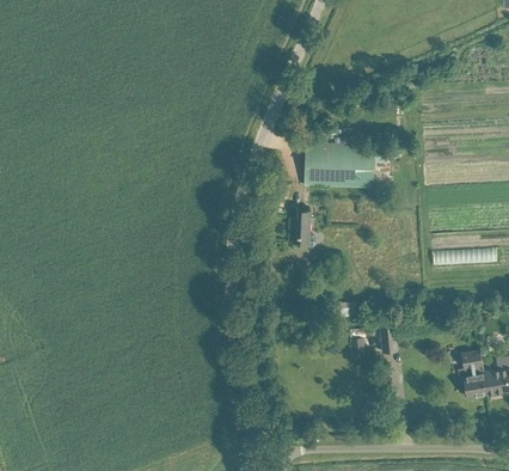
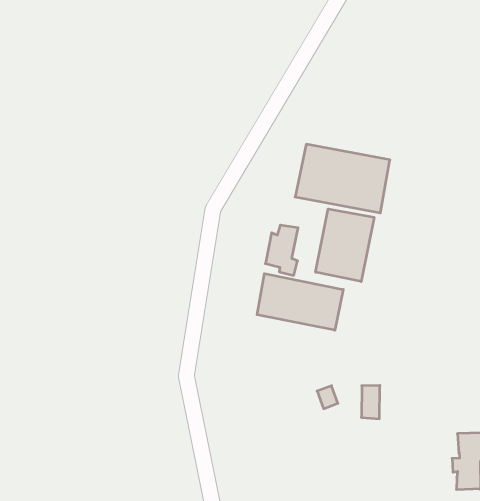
building: none -> [316,209,374,282]
building: none -> [257,274,343,330]

